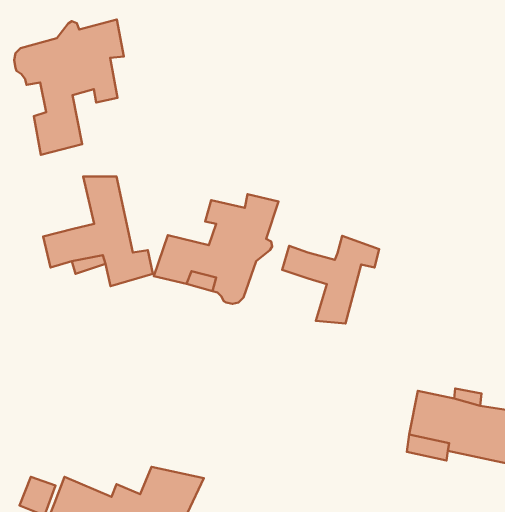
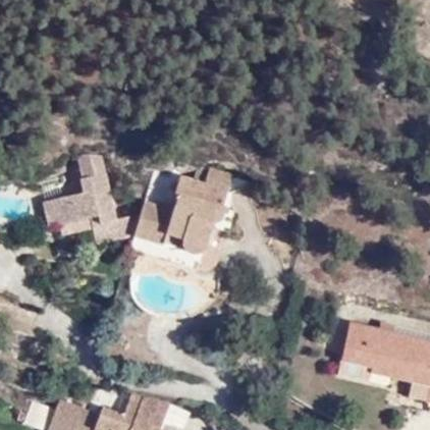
building: [14,20,124,155] -> none
building: [282,236,379,324] -> none

